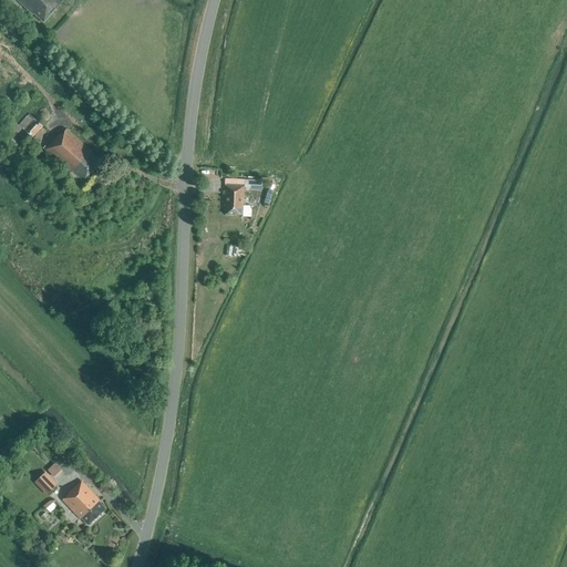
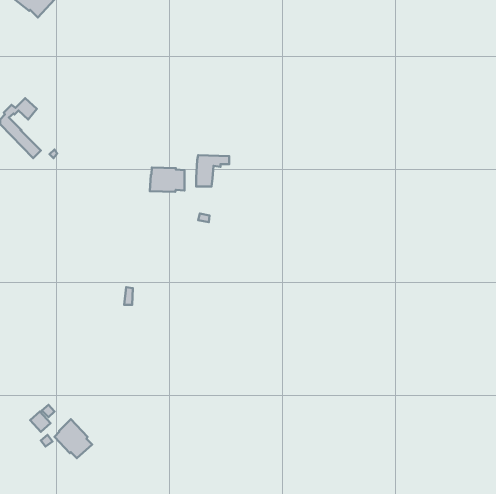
building: [44,127,99,179] -> none
building: none -> [150,168,185,192]

